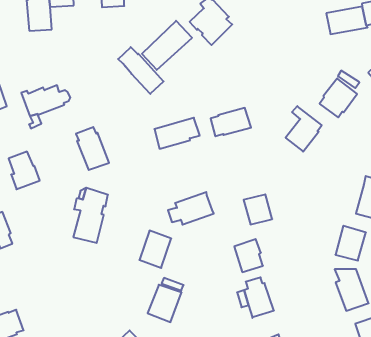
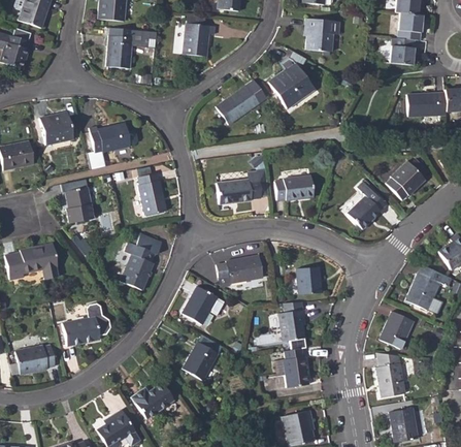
building: [118,47,164,94] -> none
building: none -> [63,302,111,345]

